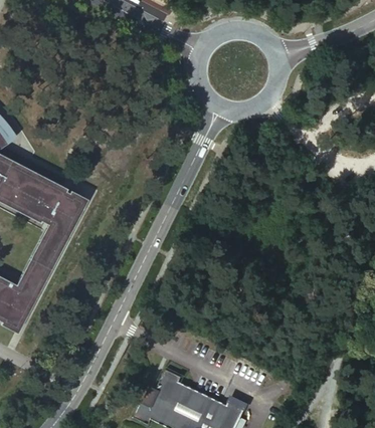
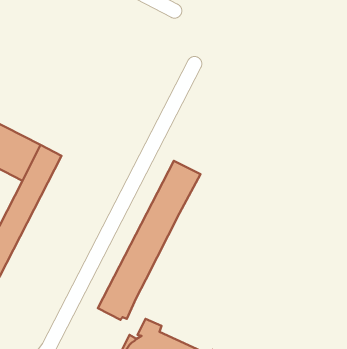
building: none -> [98,161,200,320]

